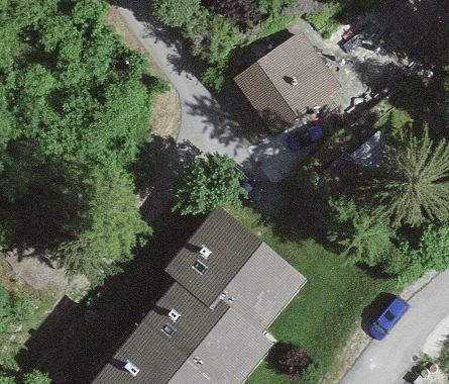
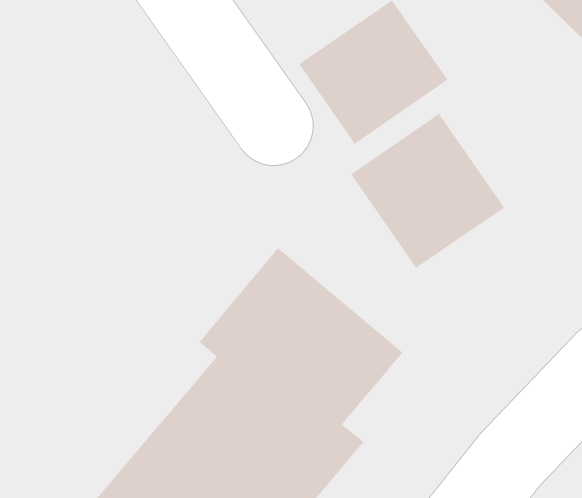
building: none -> [350,113,505,269]

